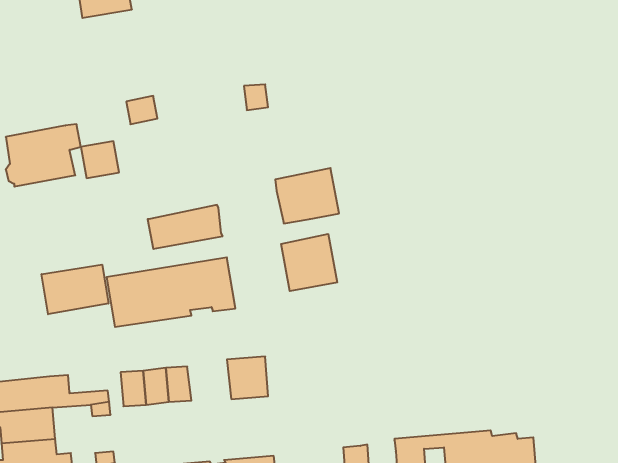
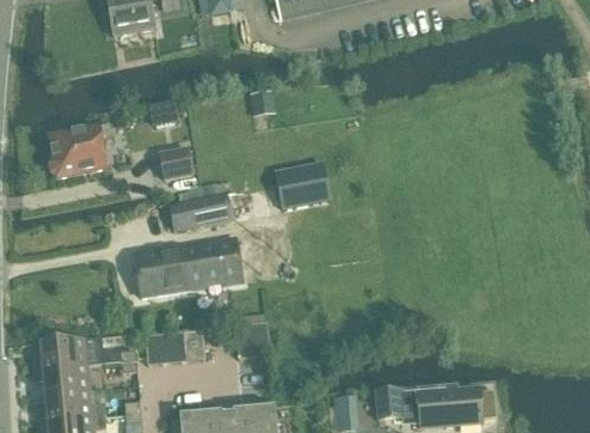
building: [81,141,119,178] -> [160,147,192,178]
building: [281,234,337,291] -> none
building: [42,265,108,314] -> none

